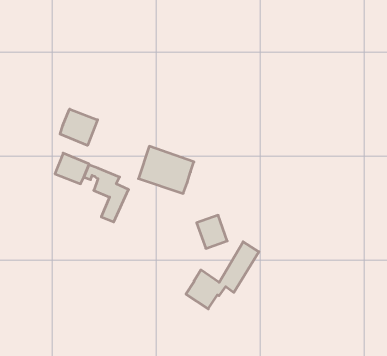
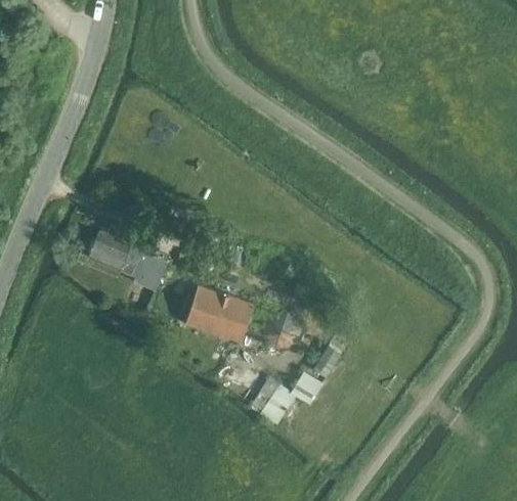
building: [60,109,98,145] -> none
building: [138,146,194,193] -> [183,283,252,341]

